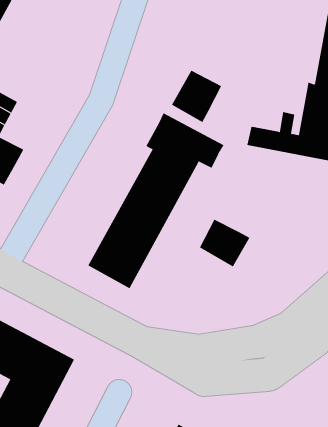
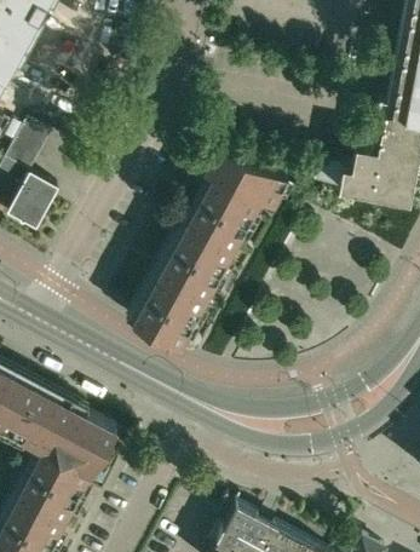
building: [171,70,222,123] -> none
building: [199,219,250,267] -> none

